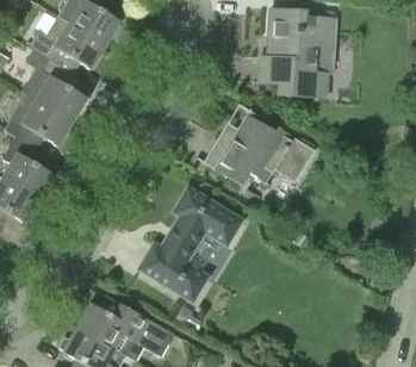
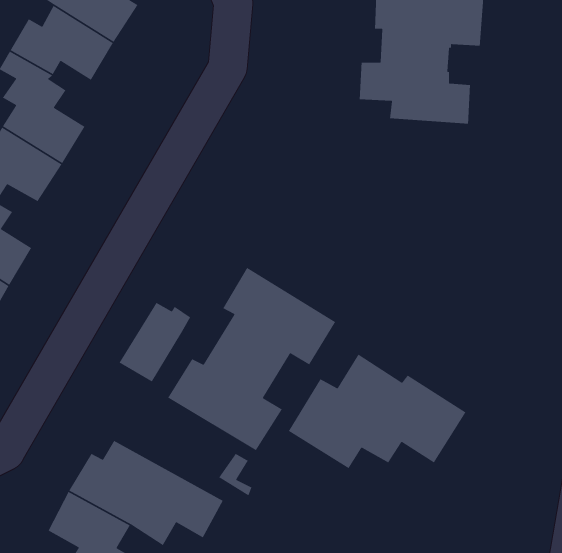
building: [203,113,315,186] -> [288,353,466,469]
building: none -> [119,302,191,382]

